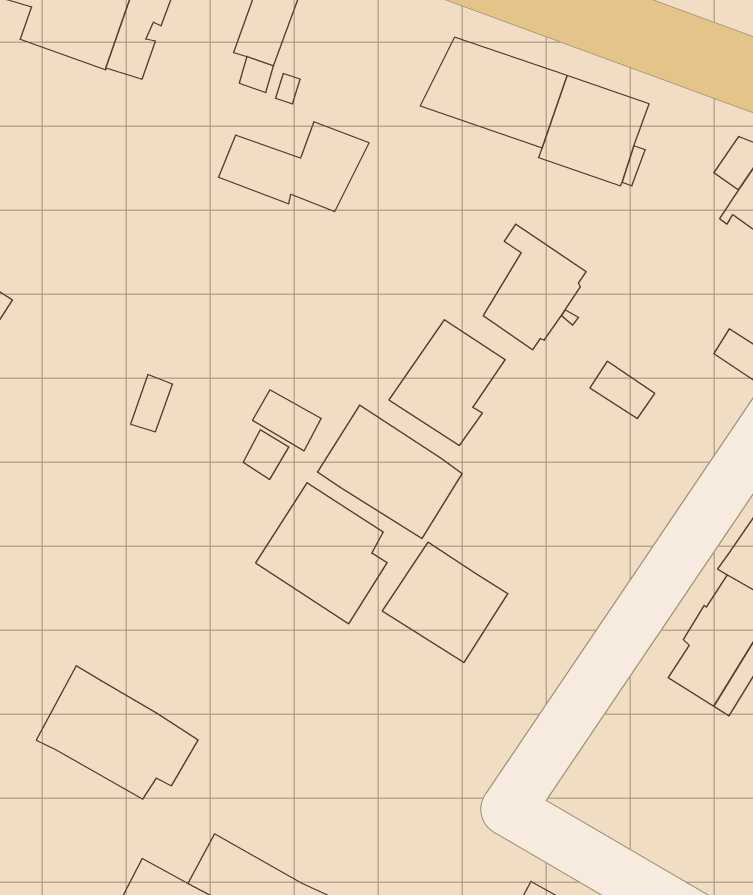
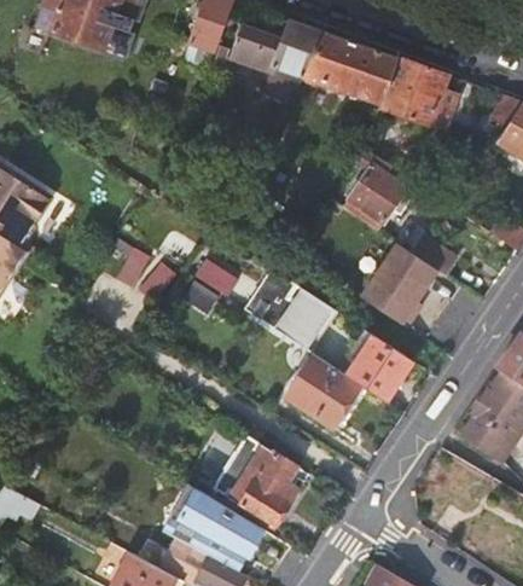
building: [218,122,369,211] -> [232,19,327,76]
building: [389,320,505,445] -> [364,248,437,327]
building: [256,483,387,624] -> [215,437,298,527]
building: none -> [342,332,413,401]
building: [36,666,198,799] -> [163,485,266,569]

